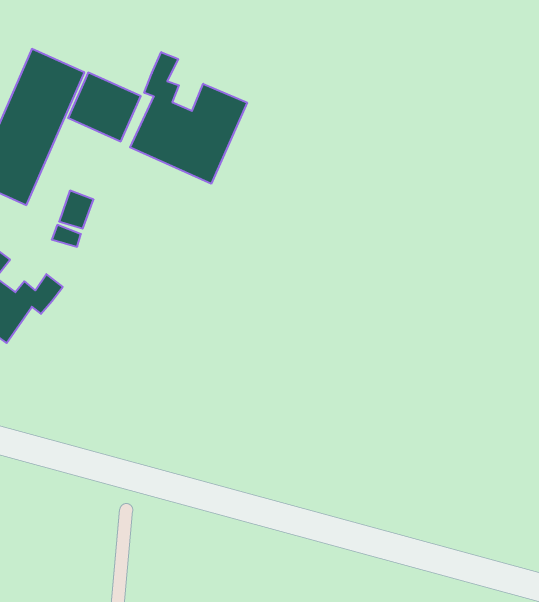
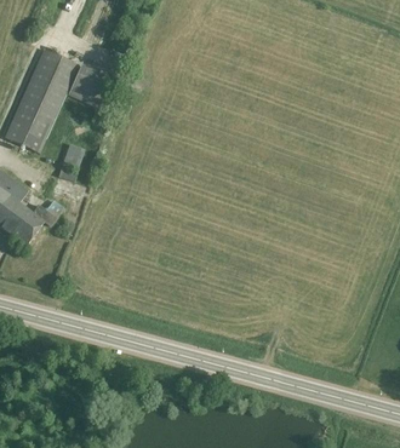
building: [130,52,247,184] -> none

